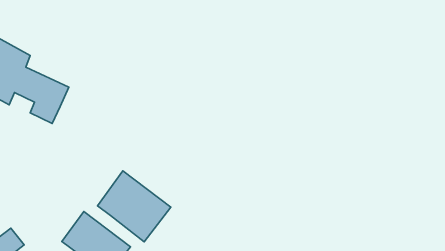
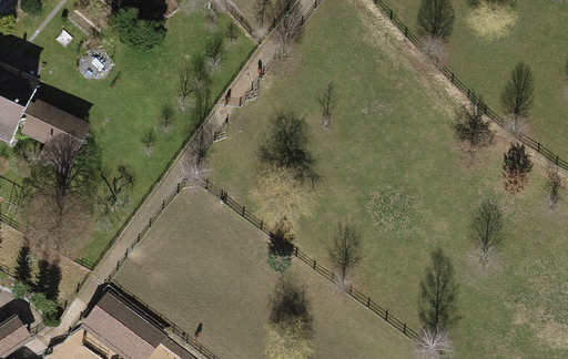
building: [97,171,171,242] -> none

